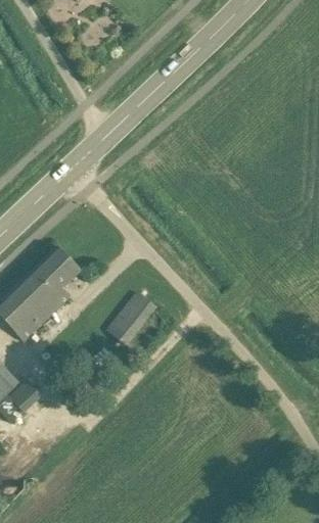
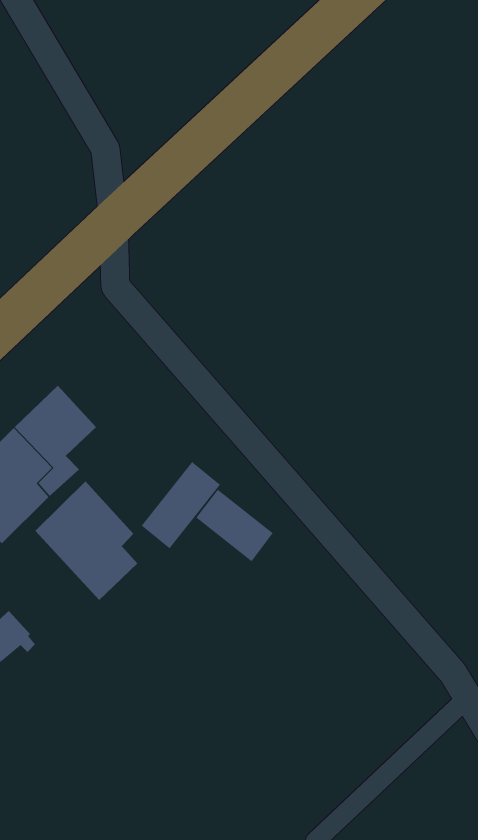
building: none -> [35,481,138,601]
building: none -> [195,489,274,562]

